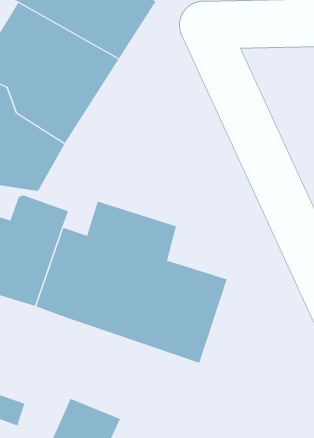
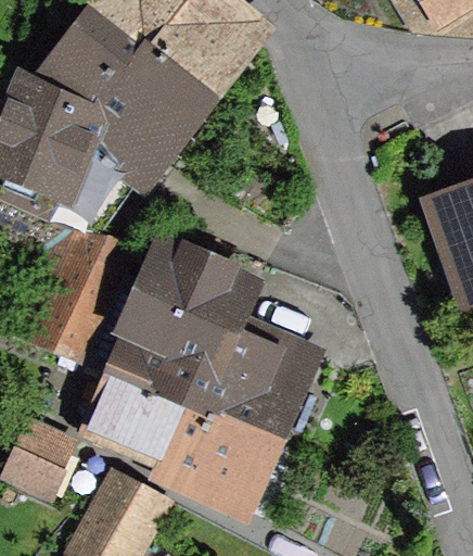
building: none -> [91,375,264,502]

